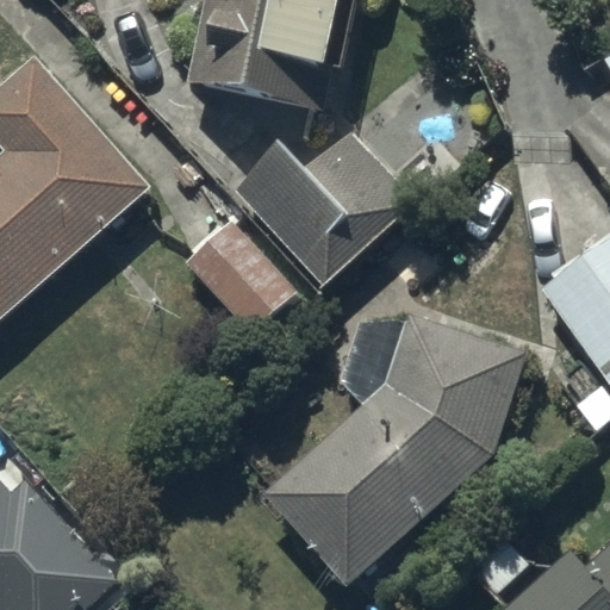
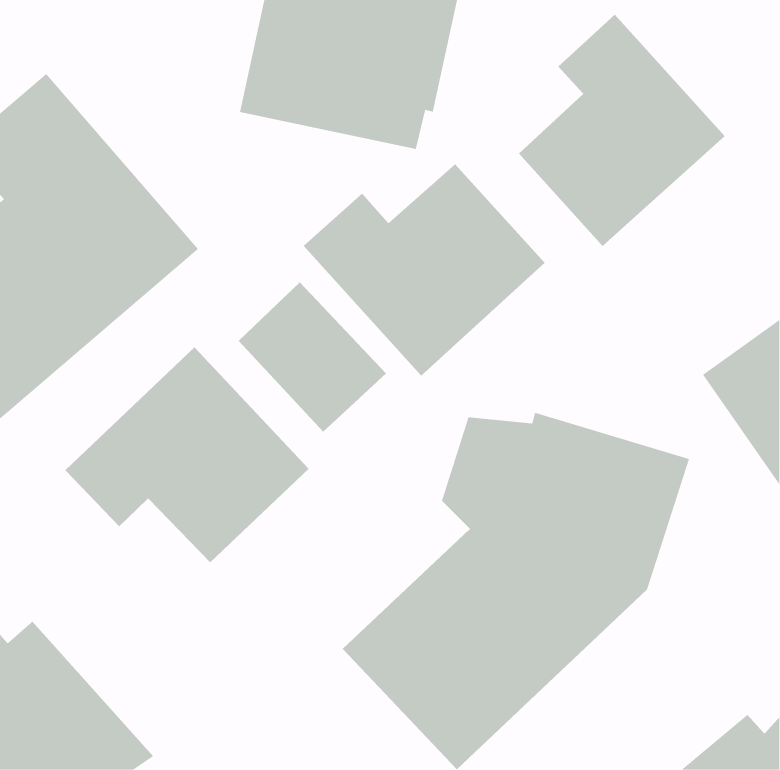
building: none -> [518,14,725,247]
building: none -> [64,346,310,563]

